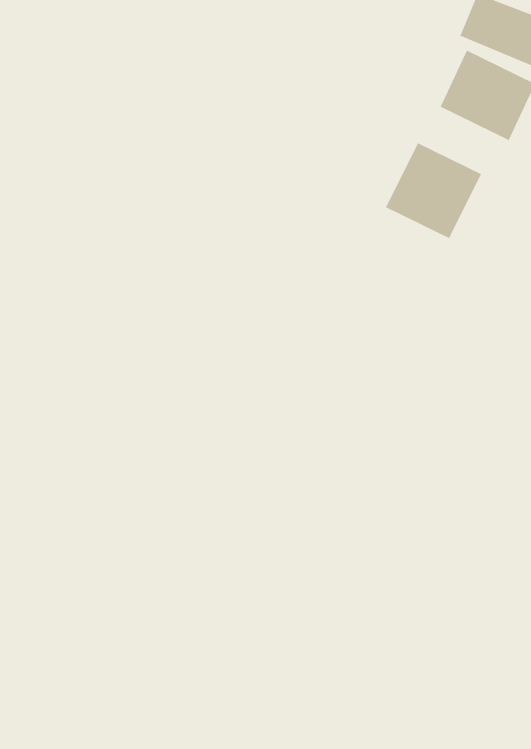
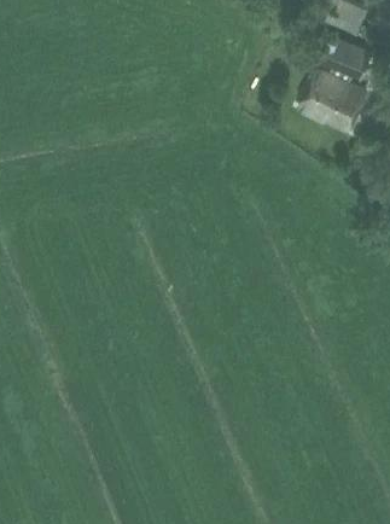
building: [385,142,482,239] -> none

